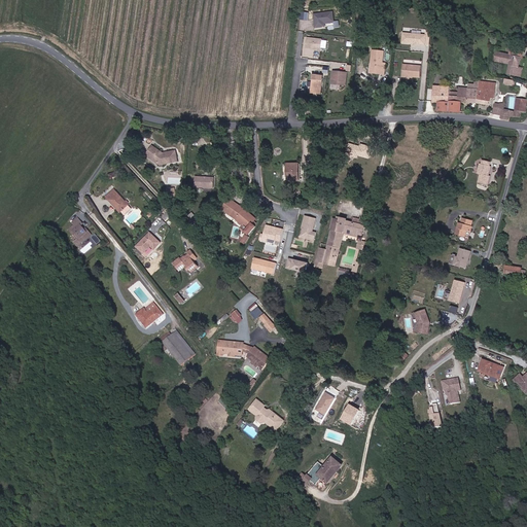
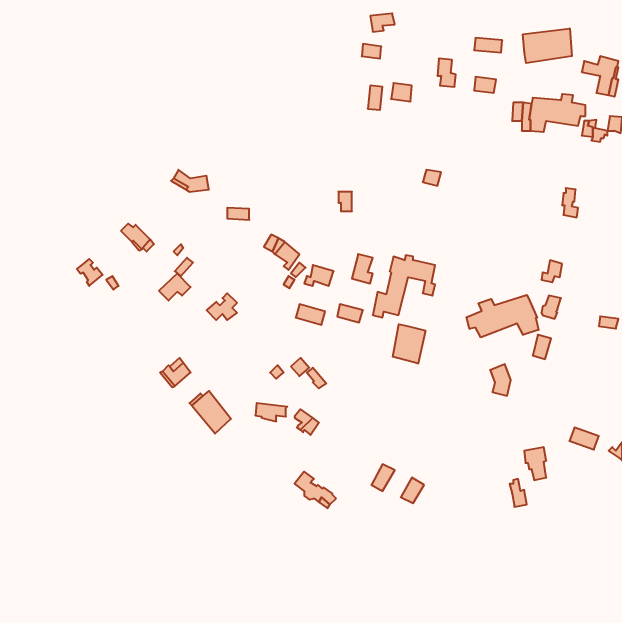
building: none -> [523,28,572,63]
building: none -> [467,295,539,337]
building: none -> [393,324,425,364]
building: [316,455,344,484] -> none

